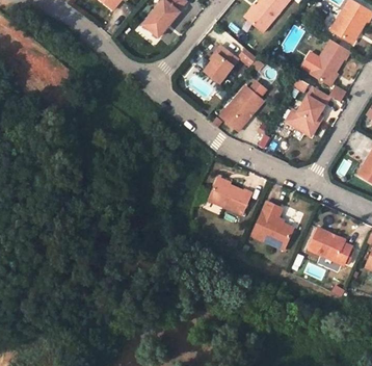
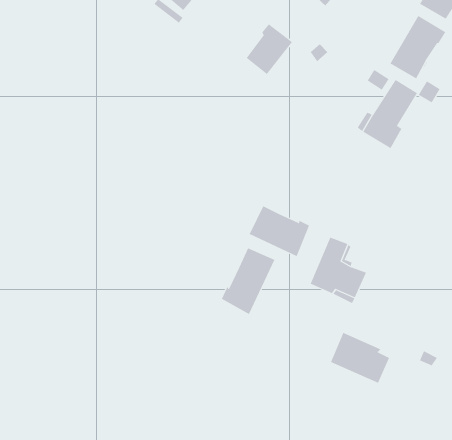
building: [219,85,263,130] -> none
building: none -> [221,247,275,315]
building: [307,228,350,265] -> [330,332,390,383]

